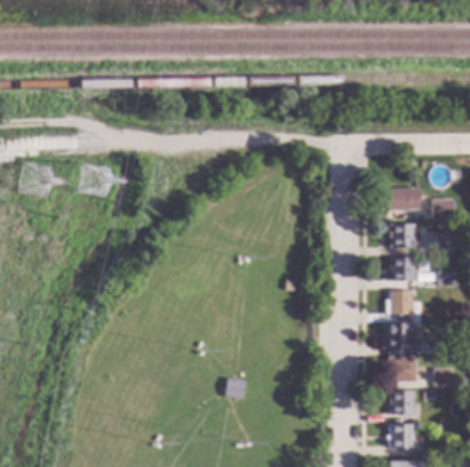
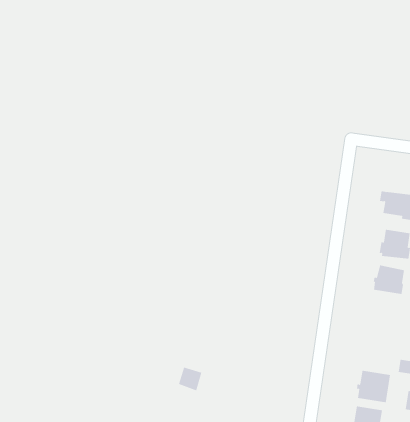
building: [386,290,414,314] -> none
building: [388,324,413,348] -> none

